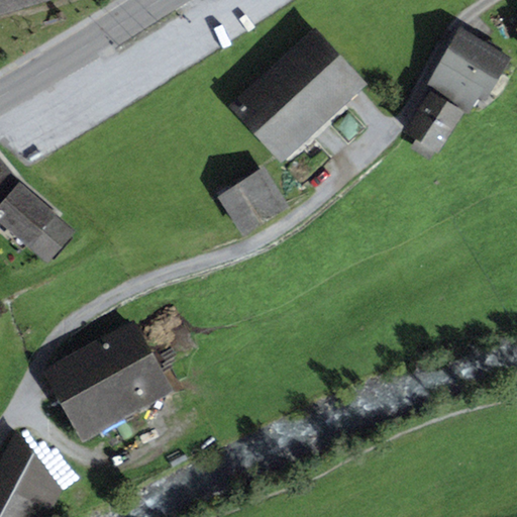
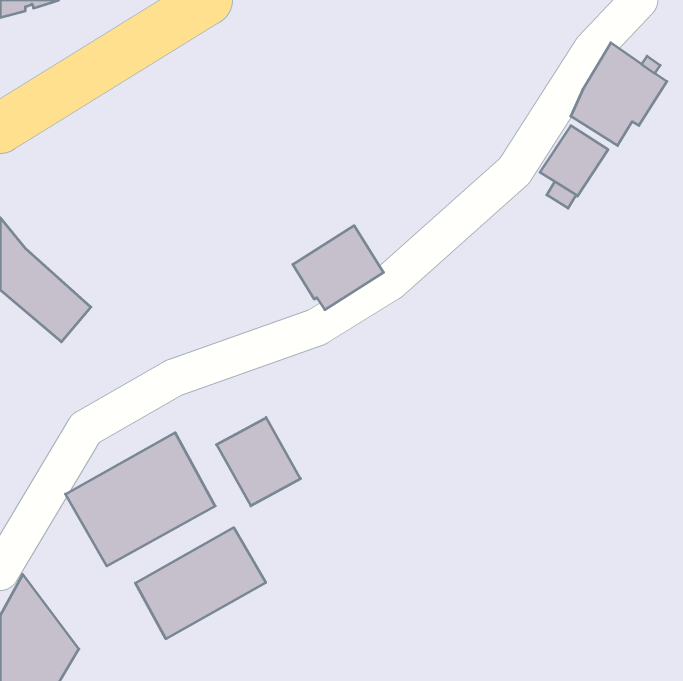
building: [237,37,356,153] -> none
building: none -> [216,417,301,506]
building: none -> [135,528,266,639]

